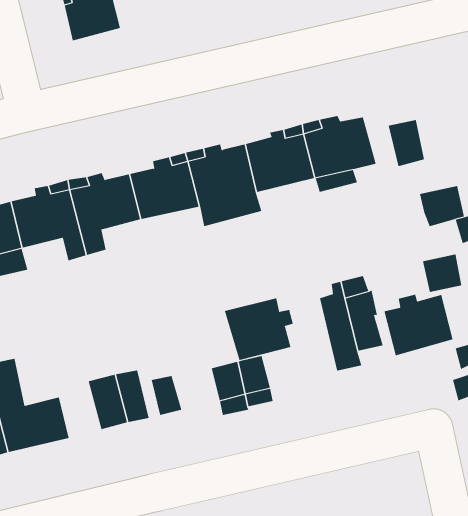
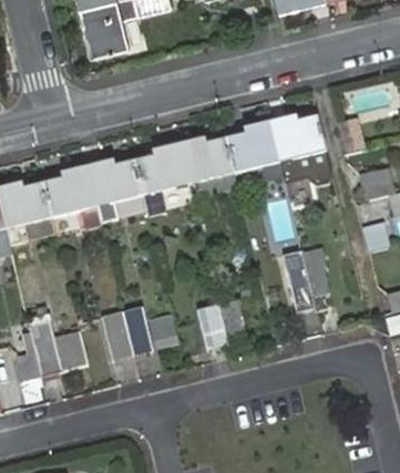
building: [384,294,453,356] -> none
building: [224,297,293,361] -> none

